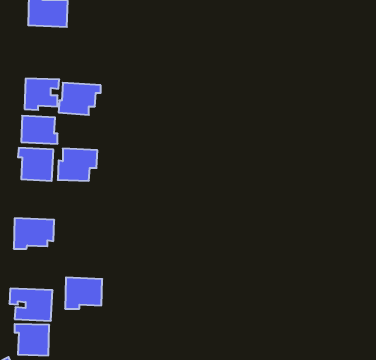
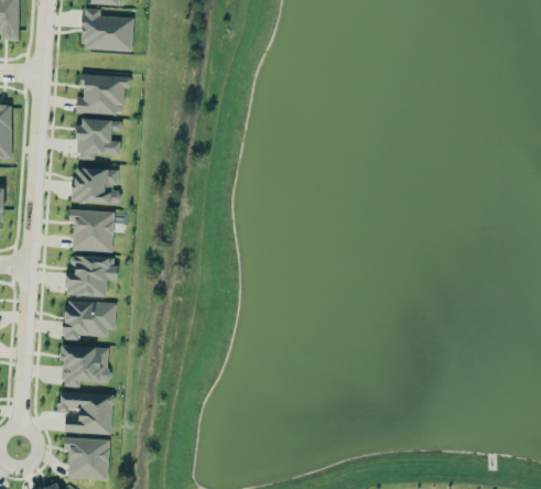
building: [59,83,101,115] -> [76,74,131,116]
building: [58,149,97,181] -> [65,256,117,297]
building: [65,277,102,309] -> [61,346,109,387]

